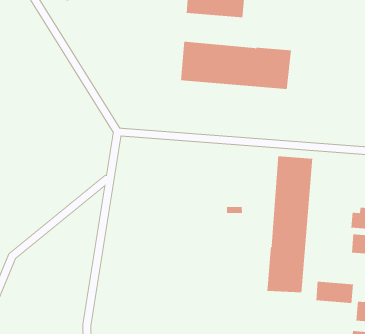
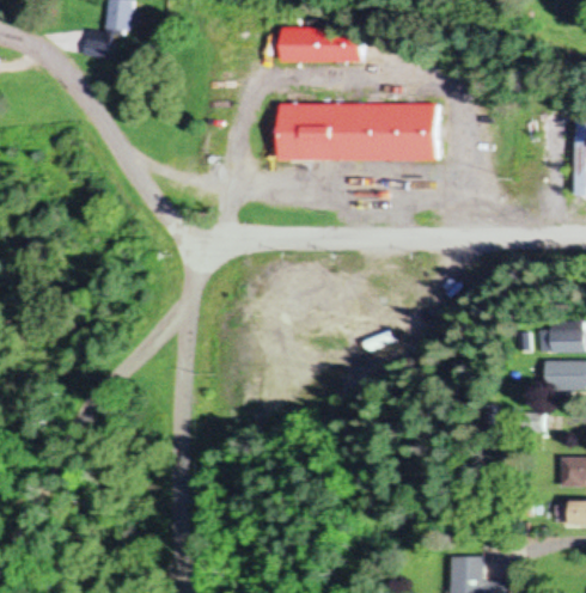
building: [267,155,313,293] -> none
building: [316,281,353,304] -> none

